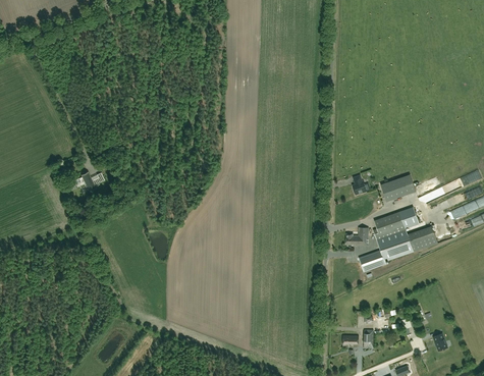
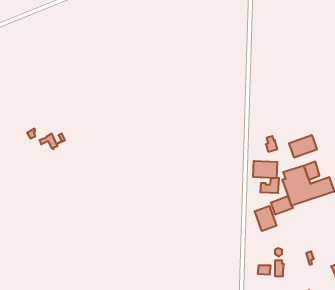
building: none -> [253,161,277,178]
building: none -> [255,206,276,231]

